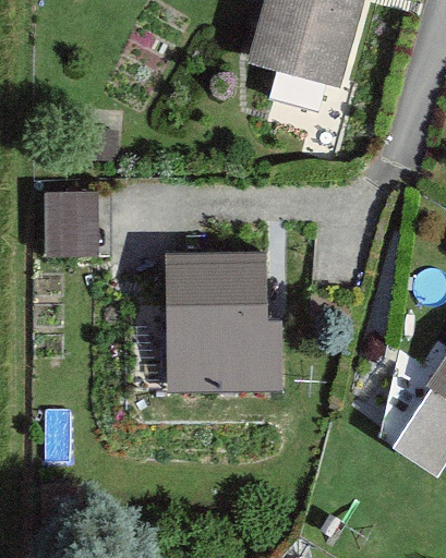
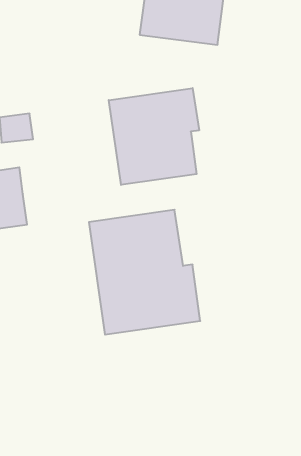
building: none -> [109,88,199,185]

